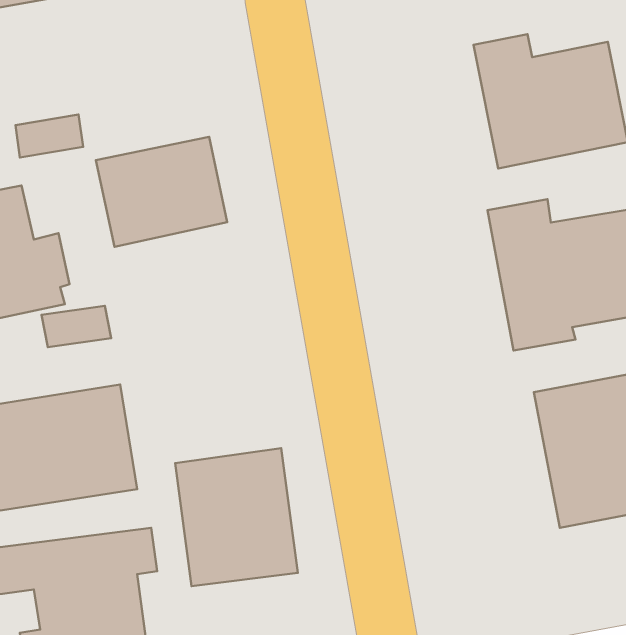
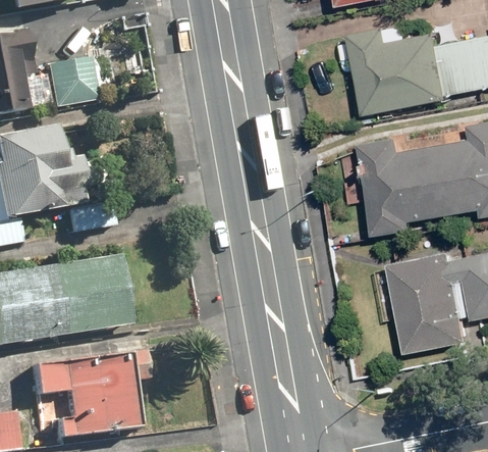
building: [96,137,227,247] -> none
building: [175,448,298,586] -> none

